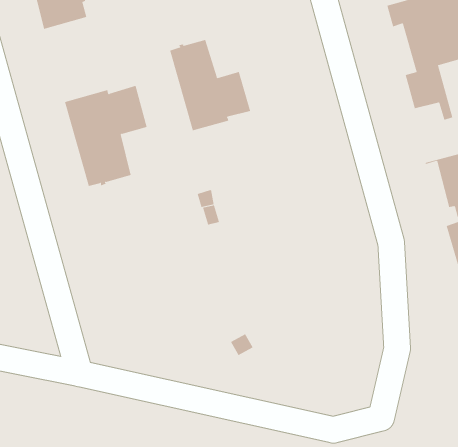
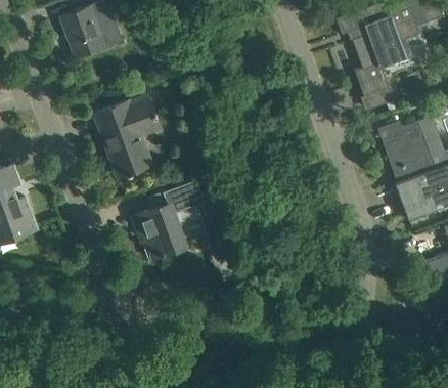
building: [170,39,251,131] -> none
building: none -> [138,180,205,257]

